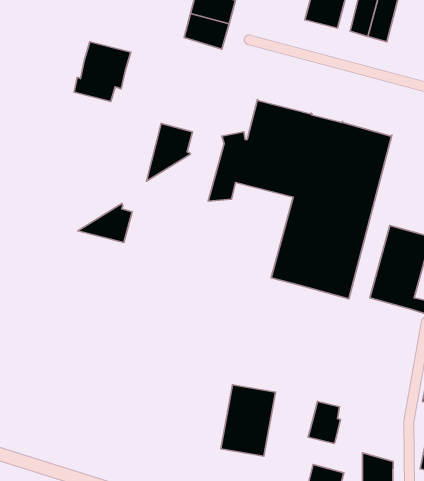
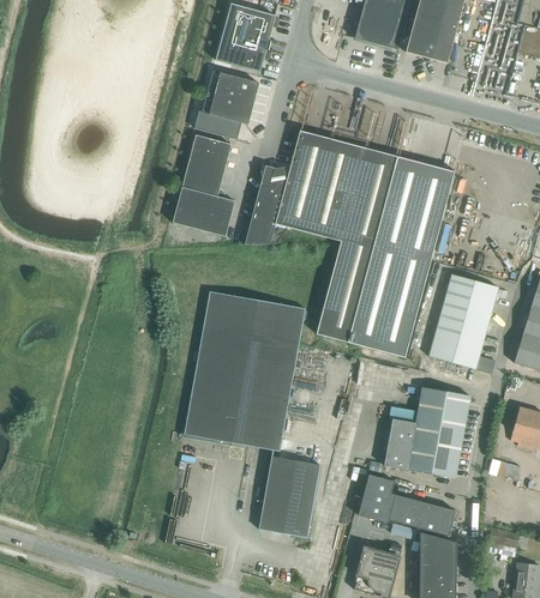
building: [74,42,131,101] -> [194,70,259,138]
building: none -> [190,133,232,165]
building: [78,204,132,242] -> [173,191,235,235]
building: none -> [184,290,305,449]
building: none -> [384,386,470,477]
building: none -> [389,494,455,534]

